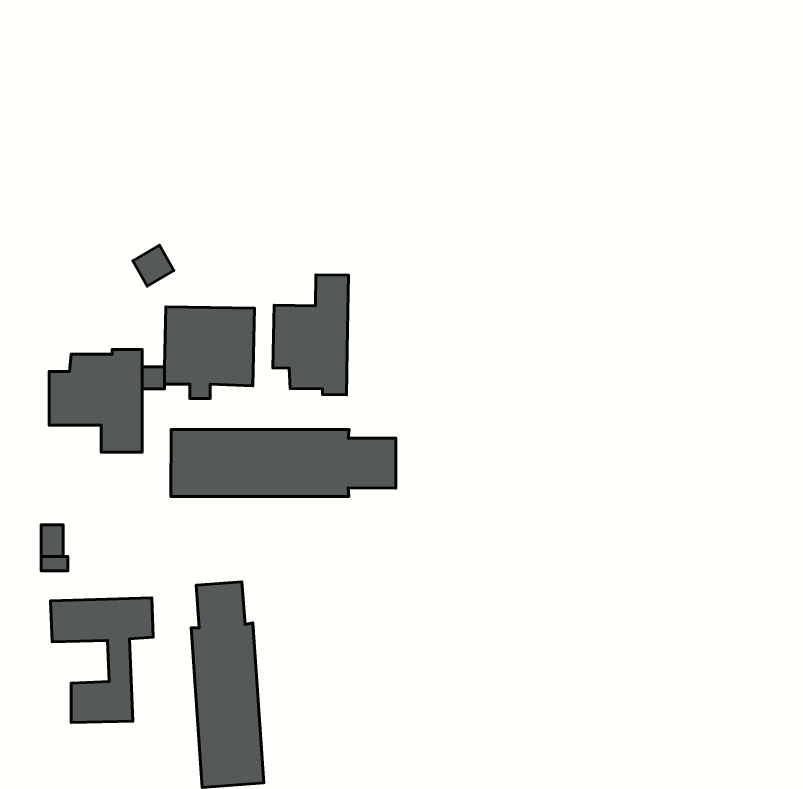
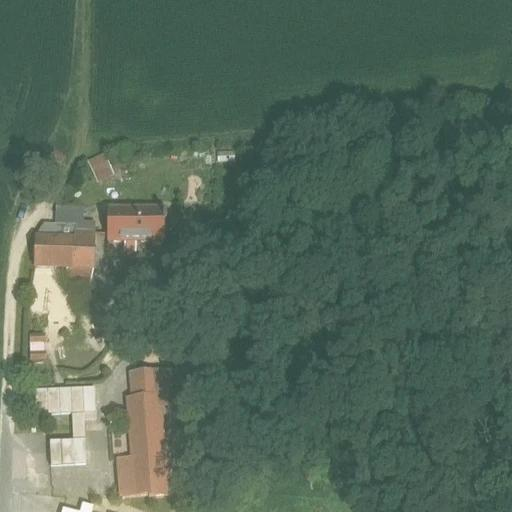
building: [273,275,348,395] -> none
building: [171,429,396,496] -> none

